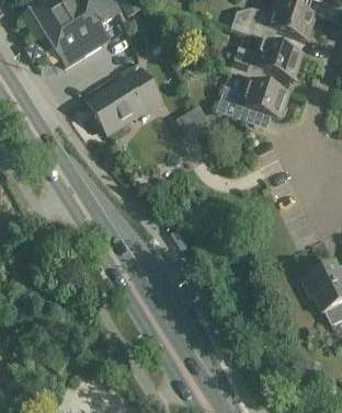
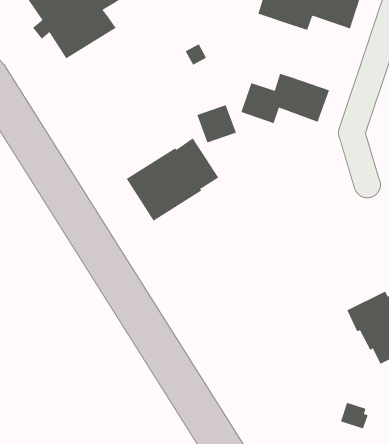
building: [227,38,303,81] -> none
building: [81,65,160,136] -> [126,137,219,222]

